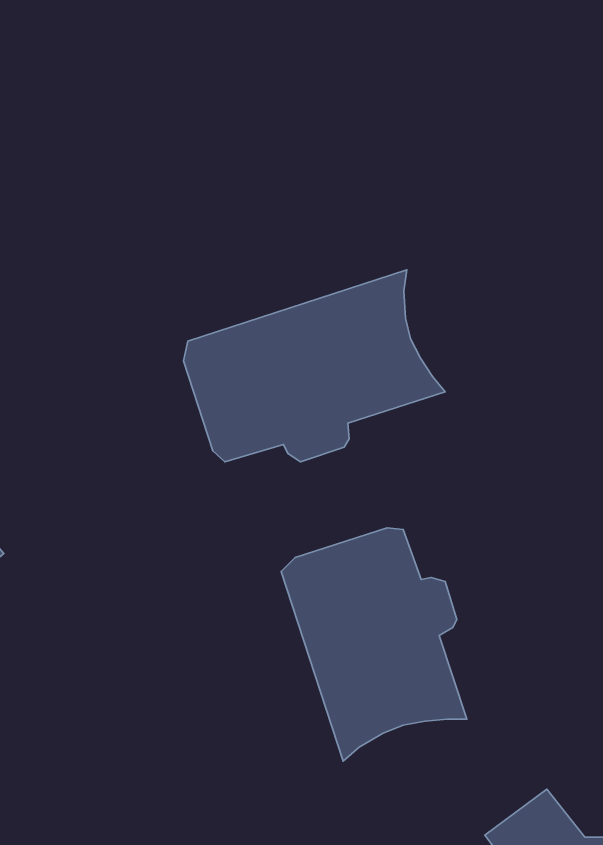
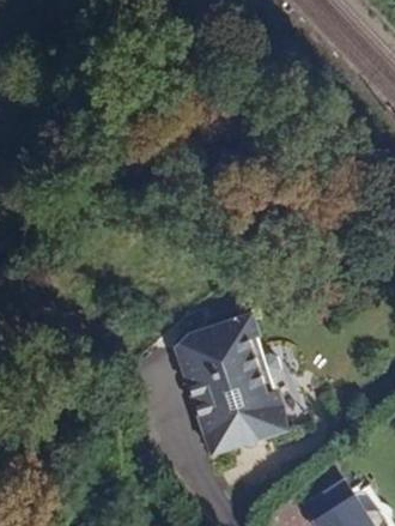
building: [183,270,445,462] -> none

